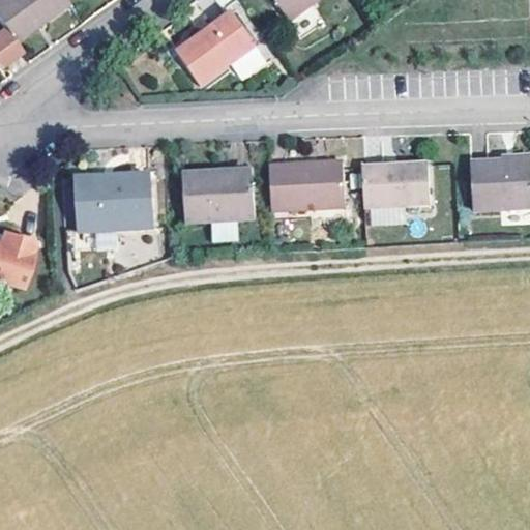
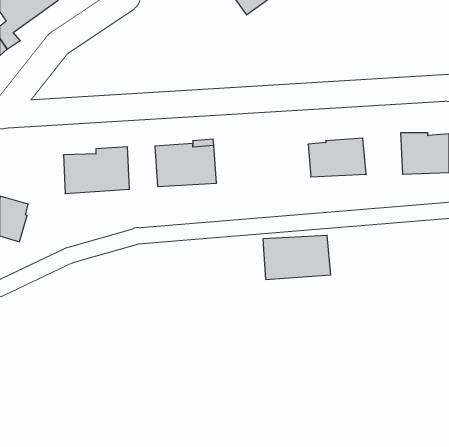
building: [176,9,256,83] -> none
building: [268,160,348,212] -> [263,235,331,279]

